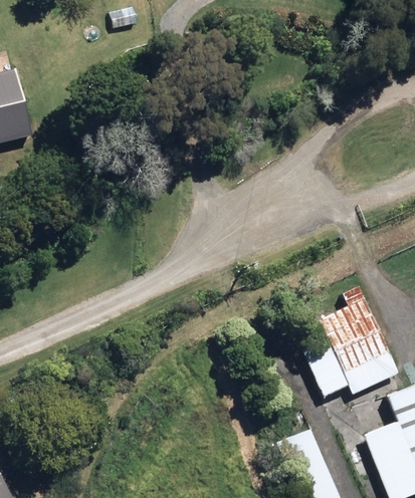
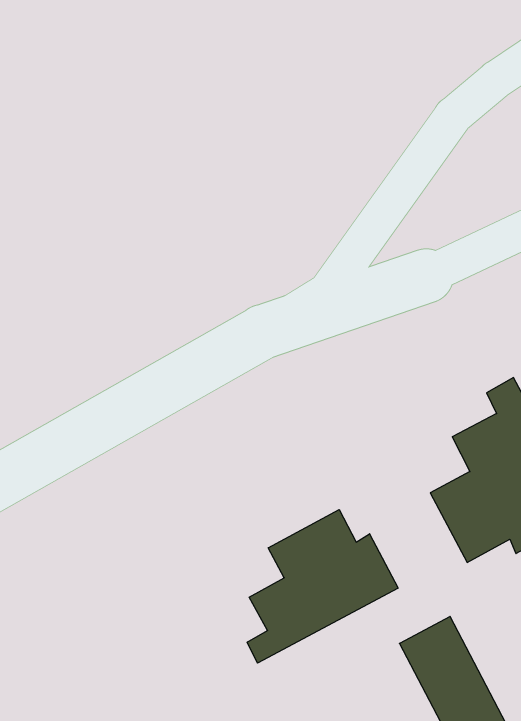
building: none -> [247,510,398,663]

